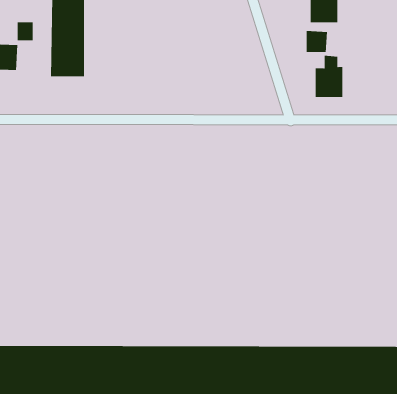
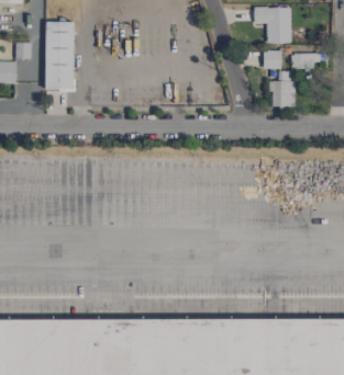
building: none -> [292,53,320,69]

